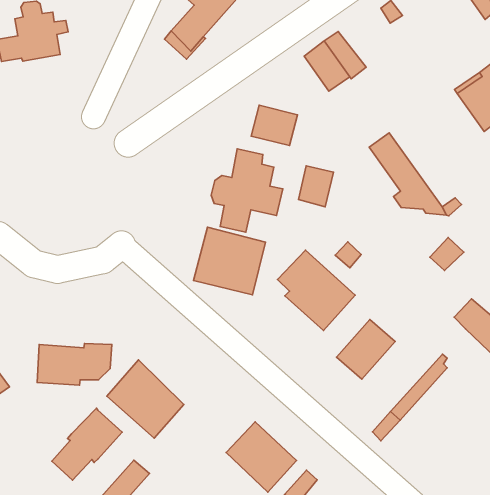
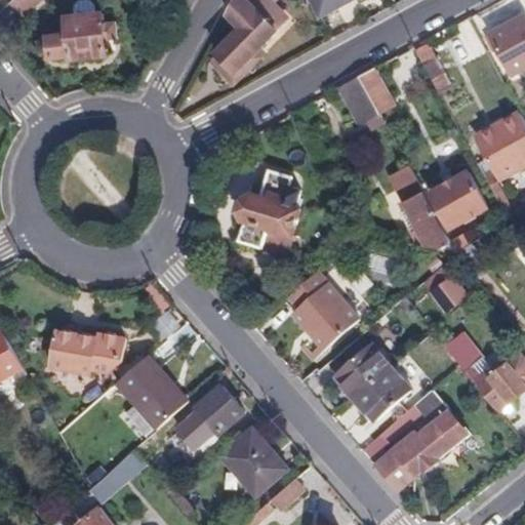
building: [251,105,297,146] -> none
building: none -> [432,172,489,230]
building: [298,166,334,207] -> none
building: [193,227,265,295] -> none
building: none -> [356,367,411,420]
building: none -> [373,410,469,494]
building: [52,408,122,480] -> [173,385,243,450]

